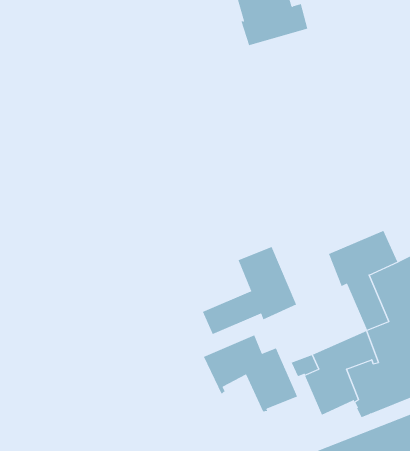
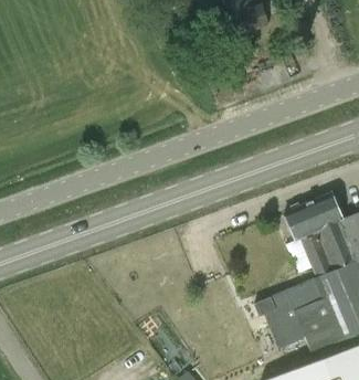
building: [202,246,297,335] -> none
building: [203,335,298,418] -> none

